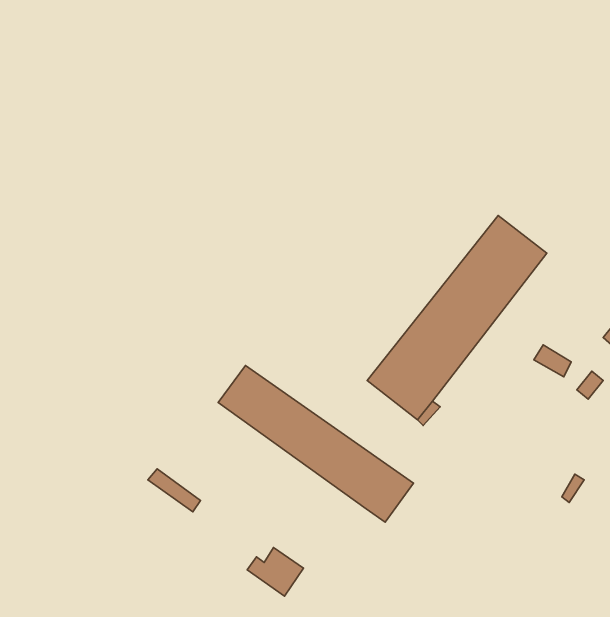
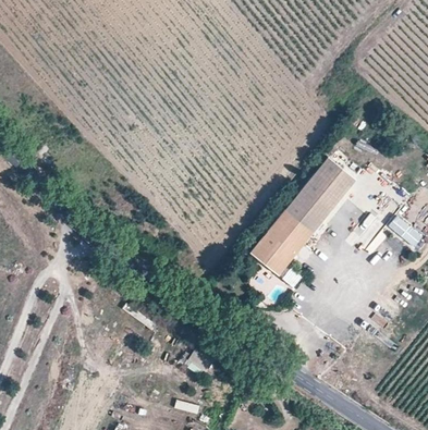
building: [218,365,413,522] -> none

